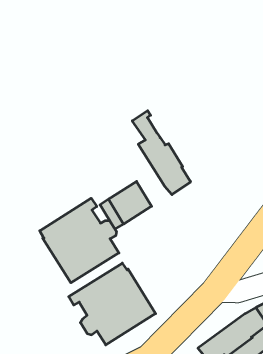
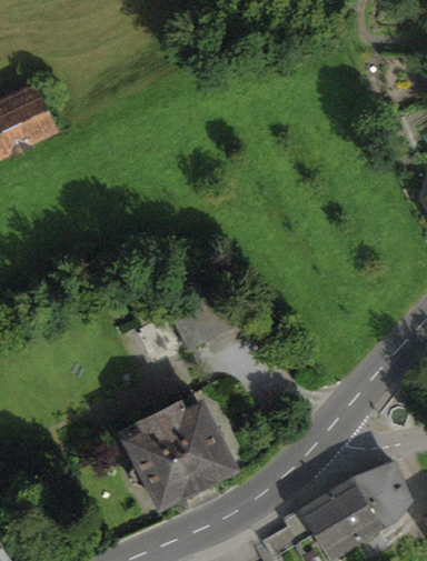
building: [132,111,190,195] -> none
building: [40,198,119,283] -> none

